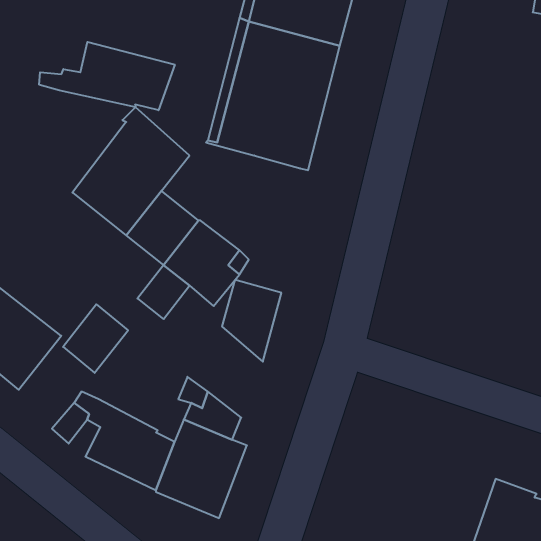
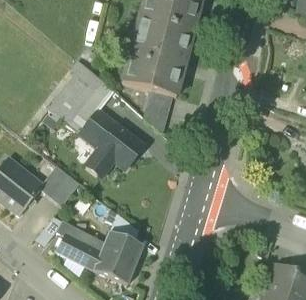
building: [39,42,175,110] -> none
building: [222,280,281,362] -> [140,88,172,132]

